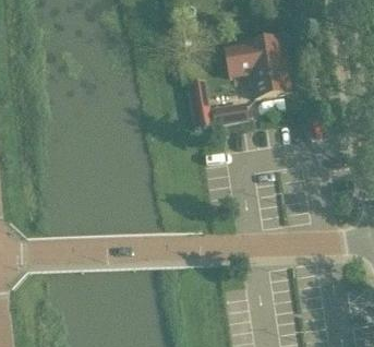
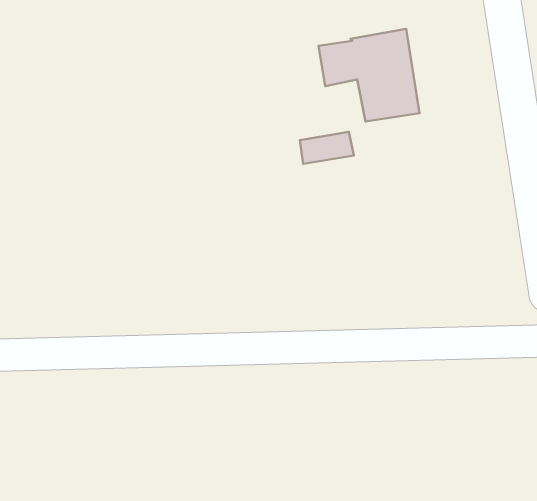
building: [185,77,213,127] -> none

